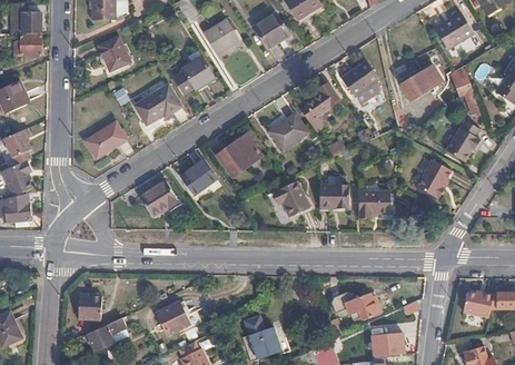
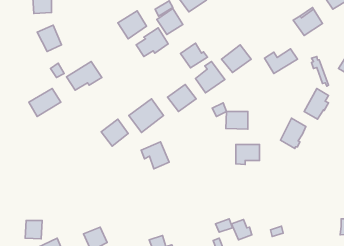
building: [171,57,214,95] -> [136,28,168,57]
building: none -> [180,43,207,68]
building: [139,181,180,217] -> none
building: [273,181,309,217] -> [141,142,169,169]
building: [319,187,348,210] -> [226,111,248,129]
building: [464,293,494,318] -> none

